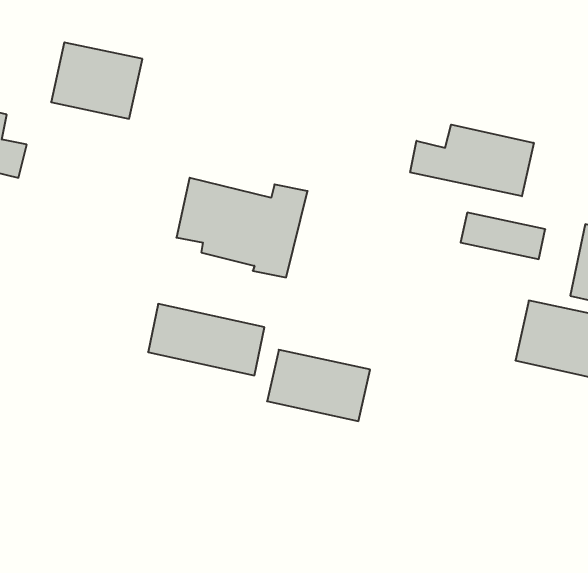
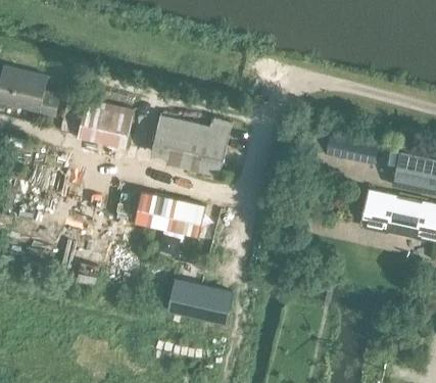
building: [51,42,142,119] -> [78,98,134,145]
building: [410,125,534,196] -> none
building: [267,350,370,421] -> [168,281,232,325]

